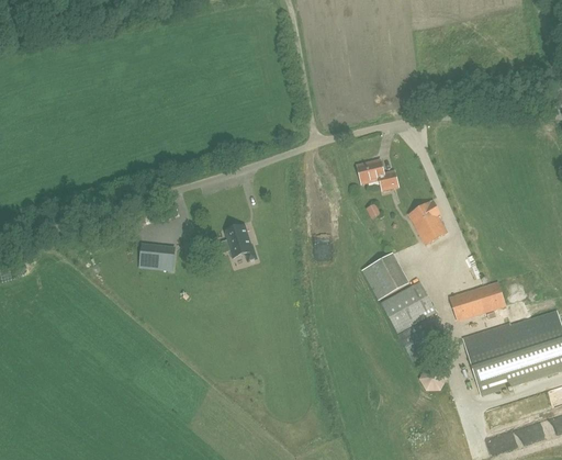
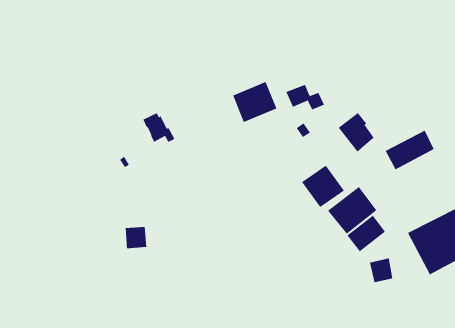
building: none -> [232,81,277,123]
building: [225,224,257,259] -> [143,111,175,143]
building: [139,243,165,268] -> [125,226,147,249]
building: [450,281,505,319] -> [385,130,435,170]

